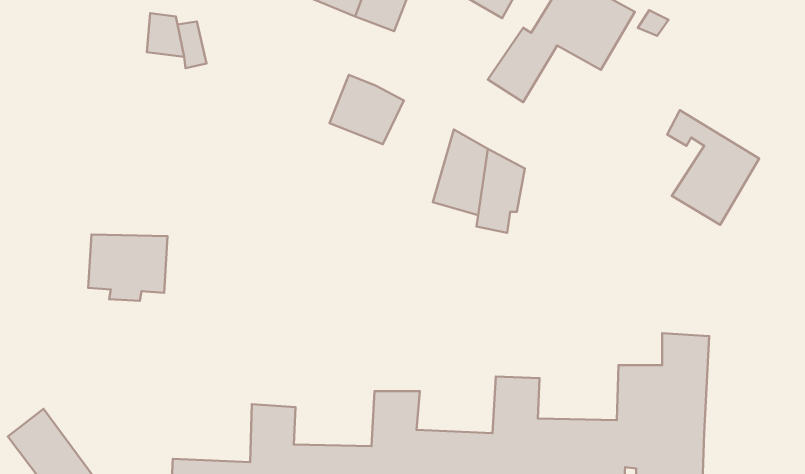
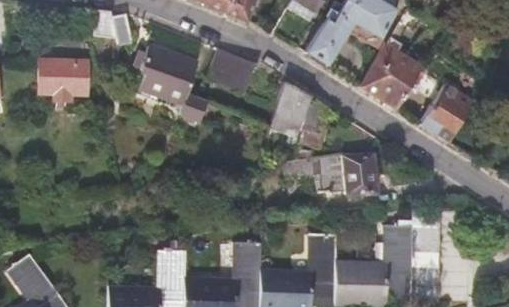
building: none -> [138,44,198,104]
building: none -> [359,45,424,108]
building: [88,235,167,301] -> [39,59,88,100]
building: none -> [283,153,377,193]

